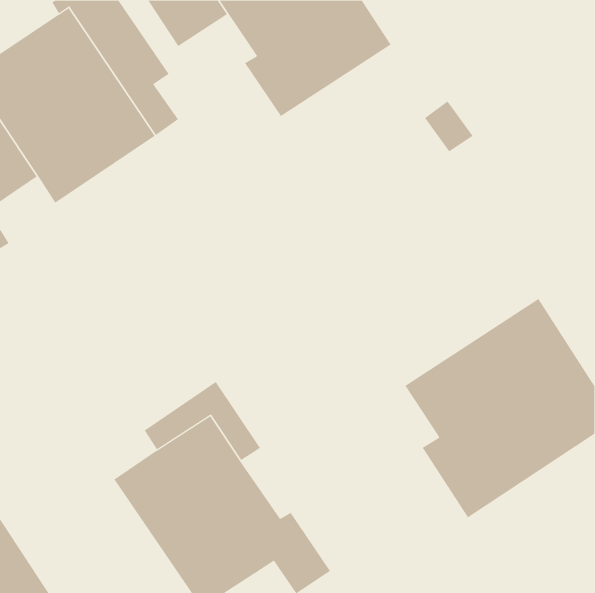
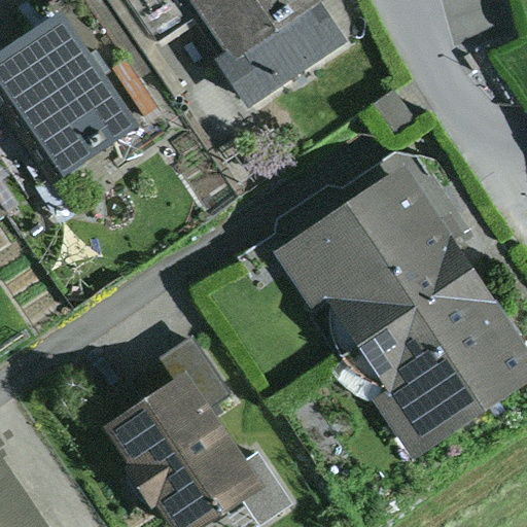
building: none -> [270,163,475,344]

